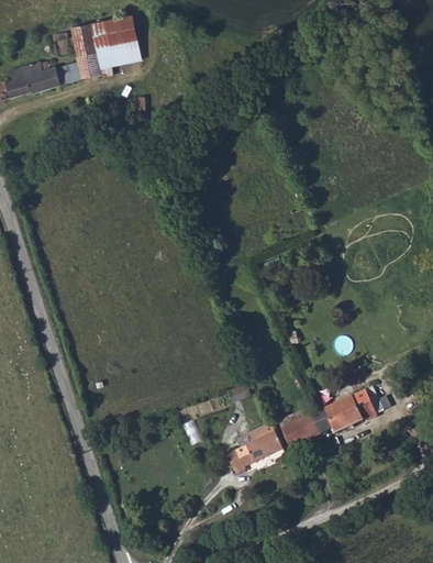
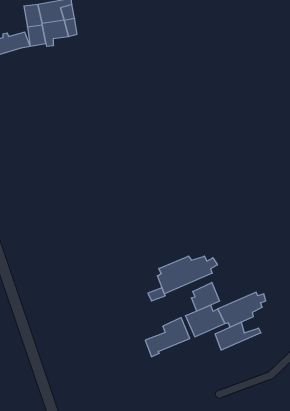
building: none -> [157,256,217,294]
building: none -> [191,282,220,311]
building: none -> [215,322,261,350]

